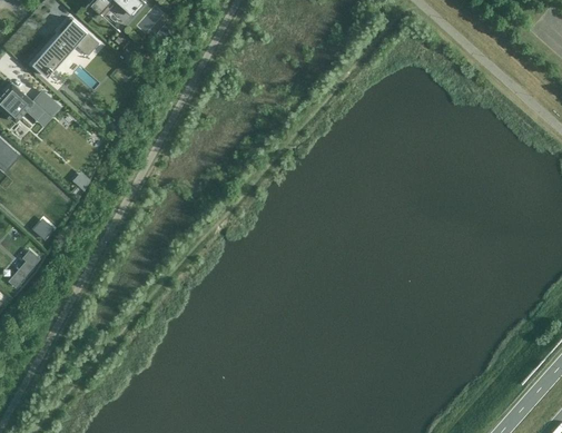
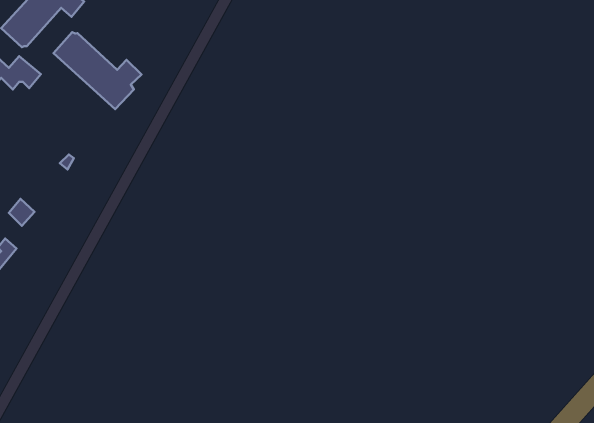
building: none -> [54,32,141,109]

